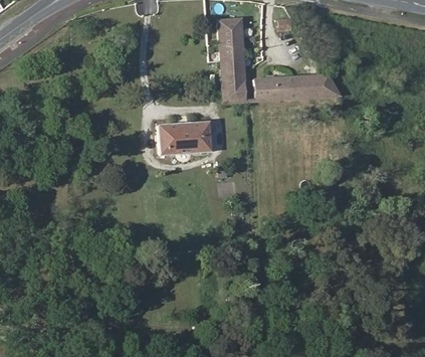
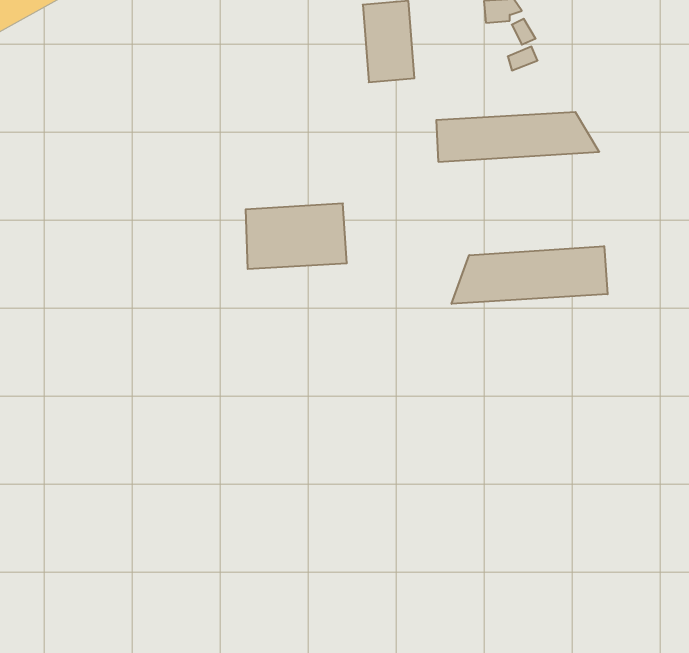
building: [221,58,246,103] -> none
building: none -> [452,246,608,304]

